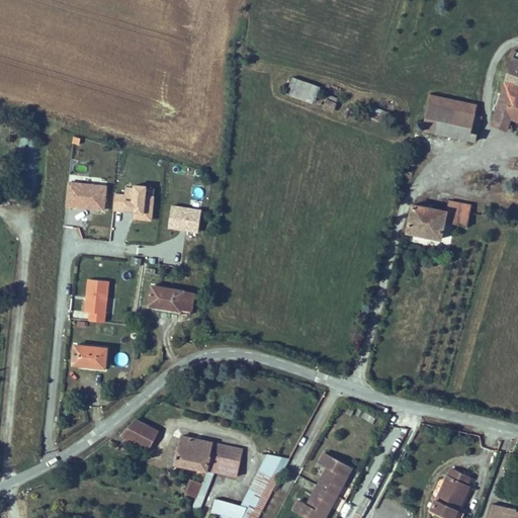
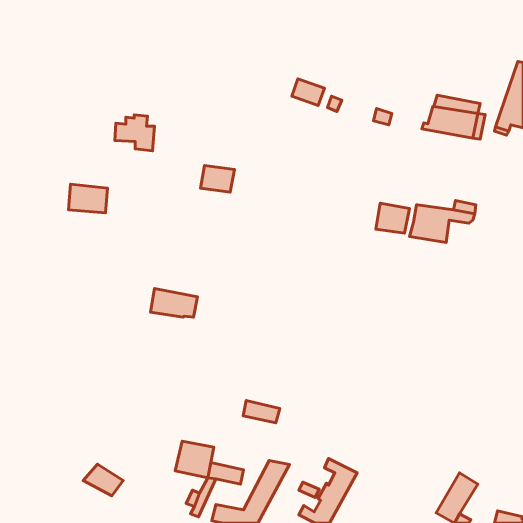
building: [115,186,155,222] -> [115,115,155,151]
building: none -> [376,203,409,233]
building: [169,206,202,233] -> [201,166,234,192]
building: [85,280,109,321] -> none
building: [72,345,109,370] -> none
building: [122,420,162,451] -> [83,464,123,496]
building: [208,442,245,464] -> [243,400,280,423]

